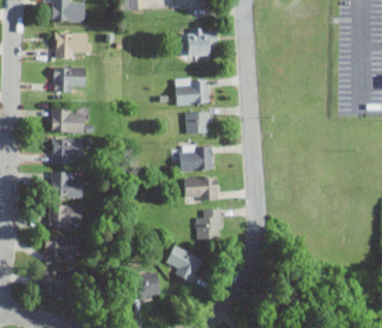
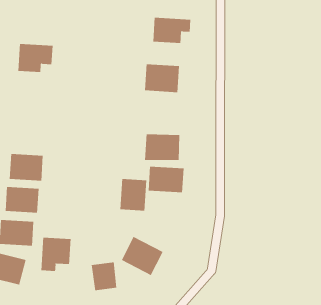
building: [55,33,92,58] -> none
building: [52,109,86,132] -> none
building: [185,111,212,135] -> none
building: [51,139,84,161] -> none
building: [196,210,221,240] -> [119,178,147,211]
building: none -> [41,237,71,272]

